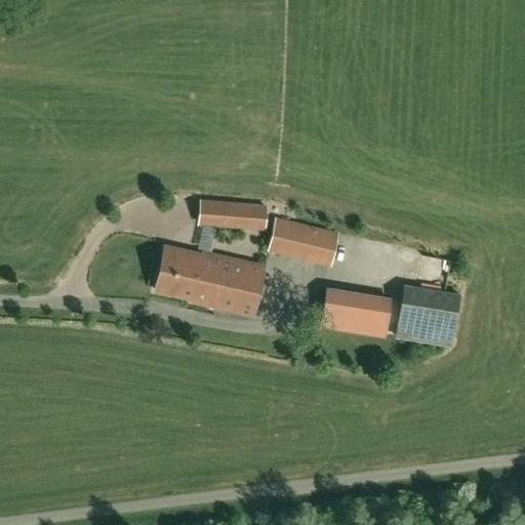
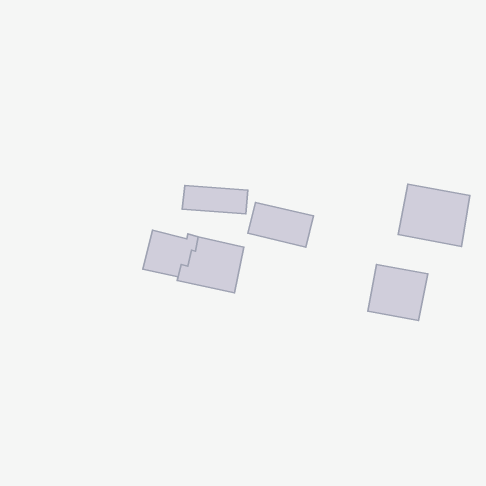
building: none -> [398,184,470,246]
building: [322,288,390,335] -> none

